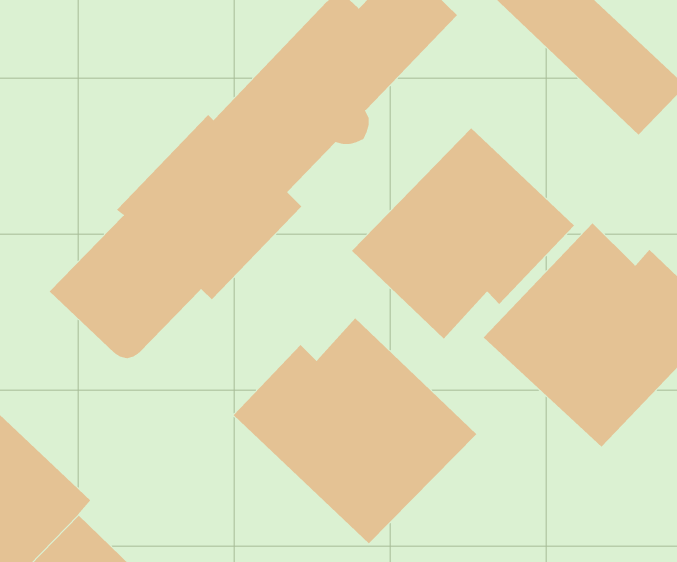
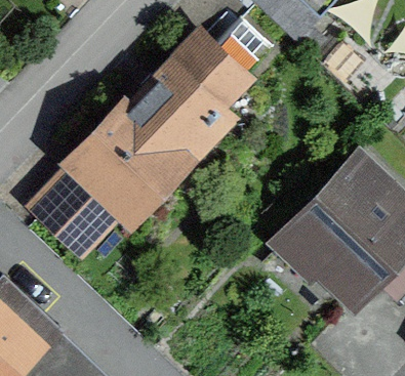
building: [351,127,575,339] -> none
building: [233,318,477,544] -> none

